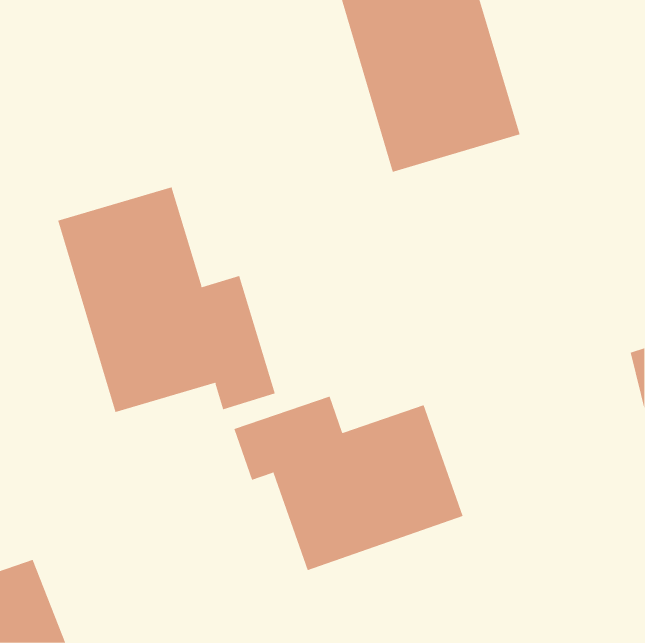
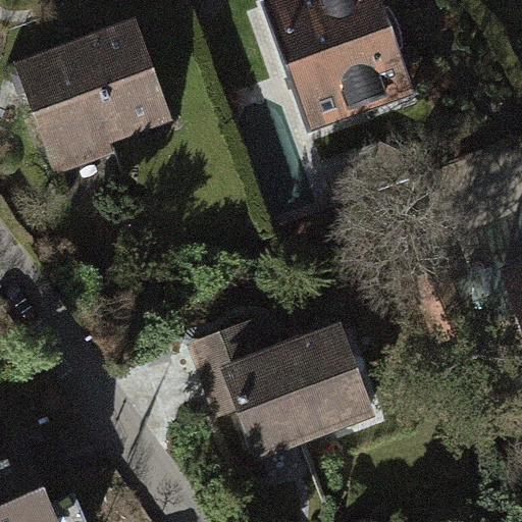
building: none -> [13,22,172,169]
building: [58,187,276,413] -> none

